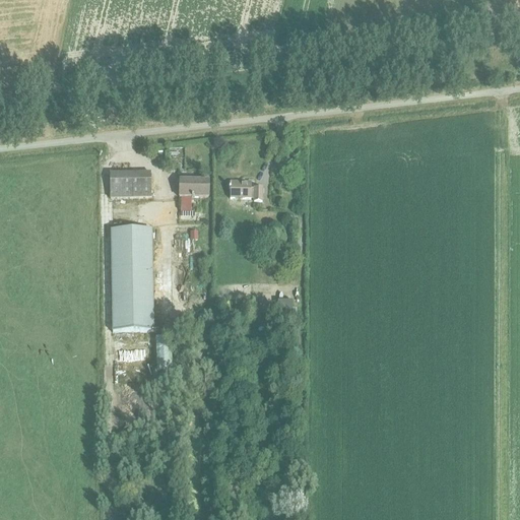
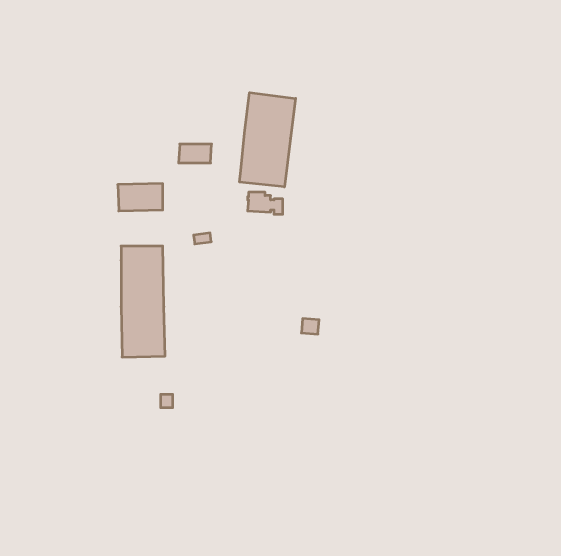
building: none -> [240,93,296,187]
building: [178,177,208,194] -> [179,144,212,163]

